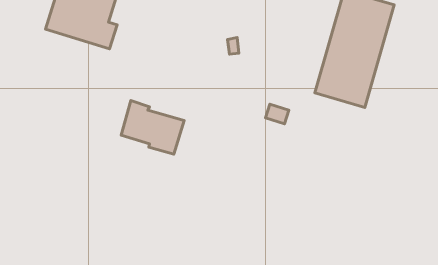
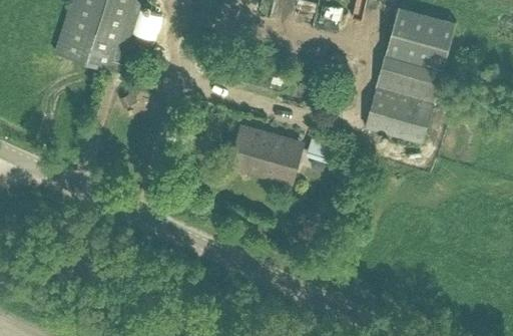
building: [121,101,184,154] -> [229,127,303,190]

